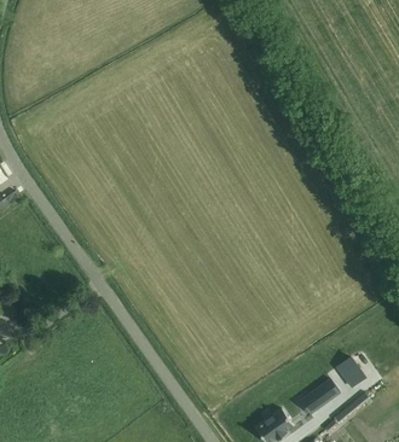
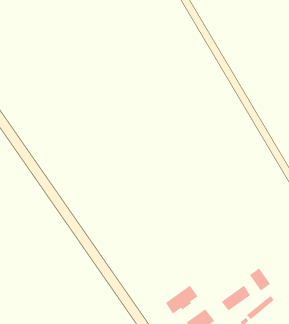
building: none -> [165,285,198,314]

